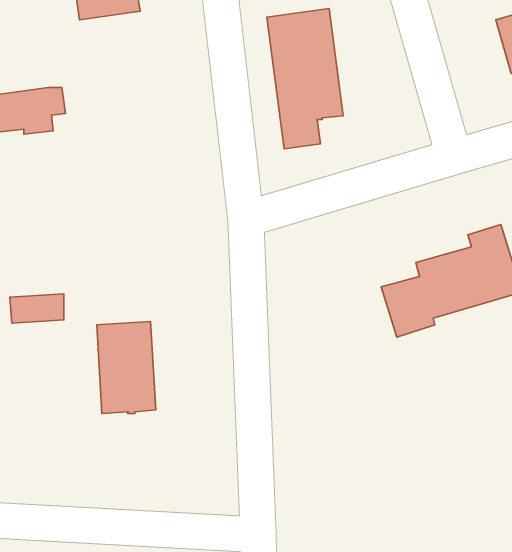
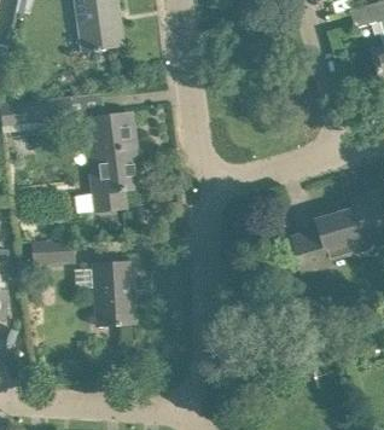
building: [267,8,343,149] -> [87,112,140,210]

